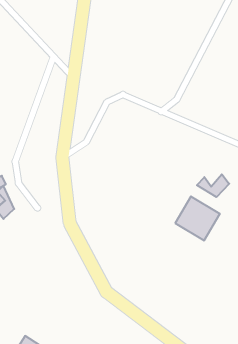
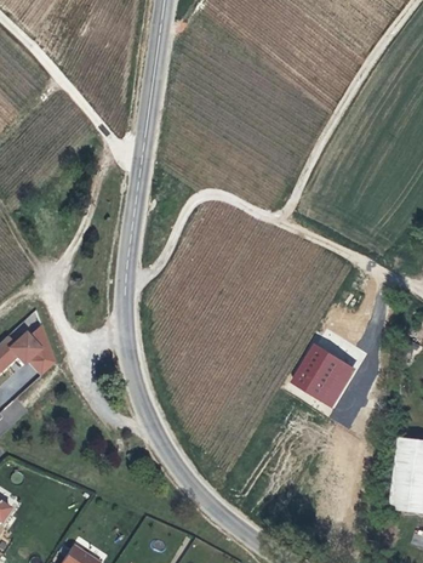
building: [197,174,229,197] -> none

